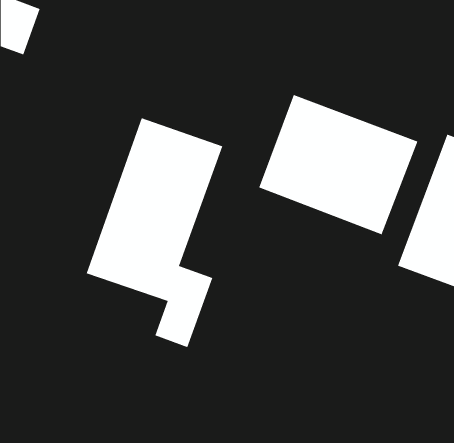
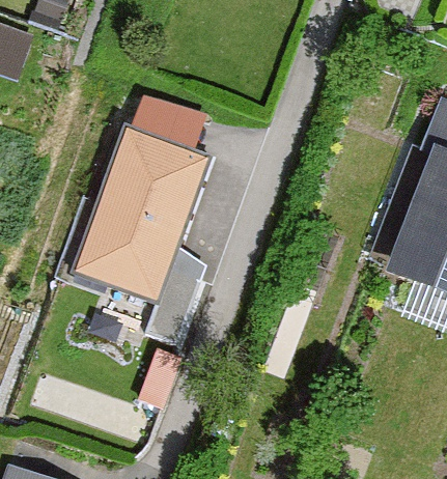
building: [258,94,418,235] -> none

